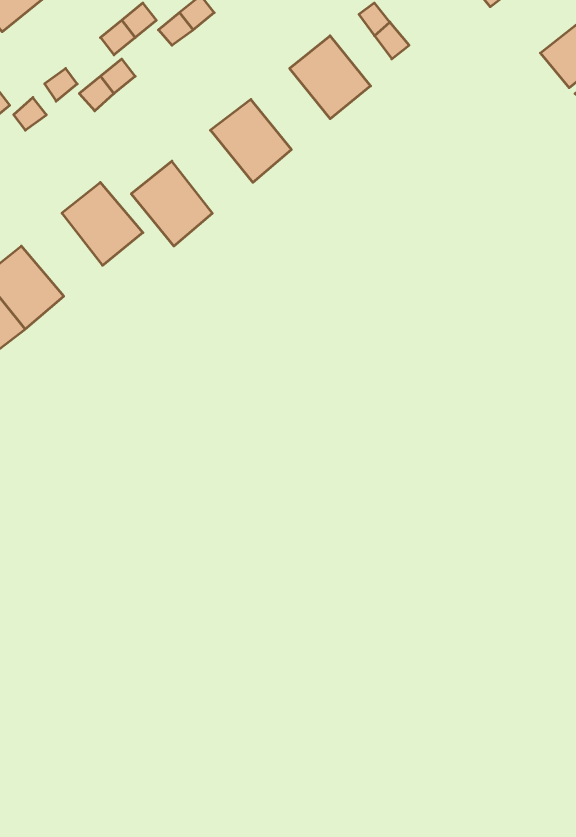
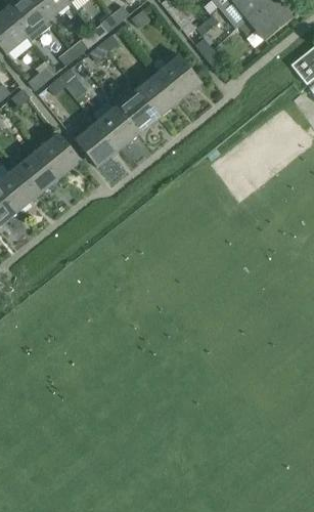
building: none -> [137,73,179,116]
building: none -> [95,105,138,150]
building: none -> [15,150,58,194]

